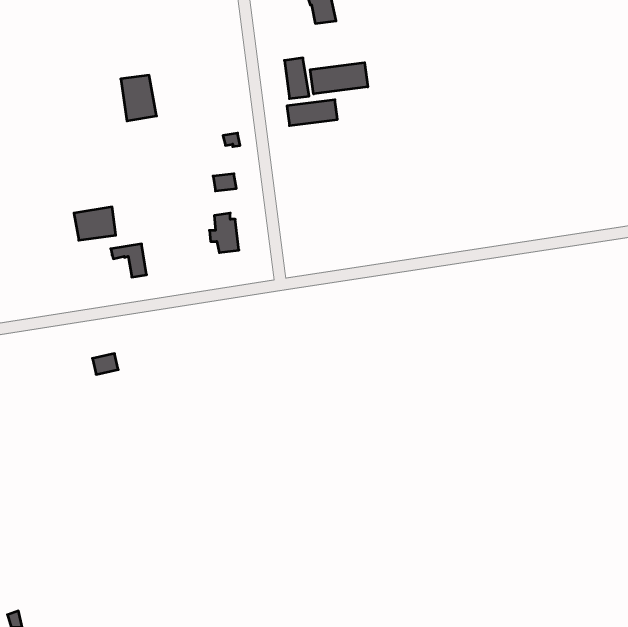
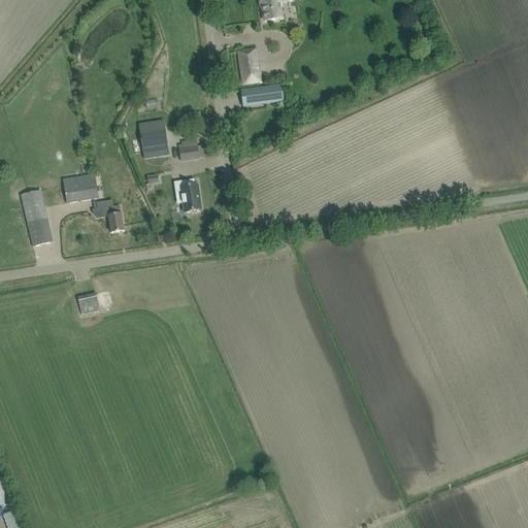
building: [310,63,368,94] -> none
building: [121,75,157,121] -> [138,120,168,158]
building: none -> [20,189,52,245]

